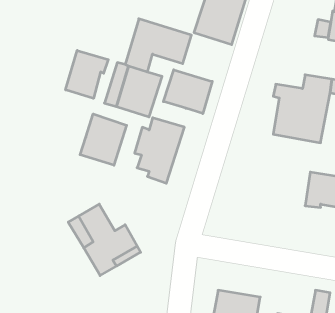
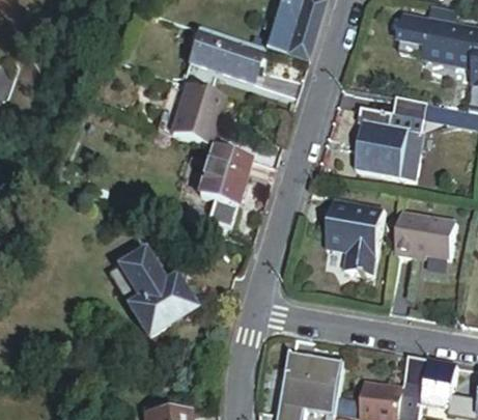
building: [66,50,108,98] -> none
building: [163,70,212,114] -> none
building: [80,114,127,165] -> none
building: none -> [327,199,384,274]

